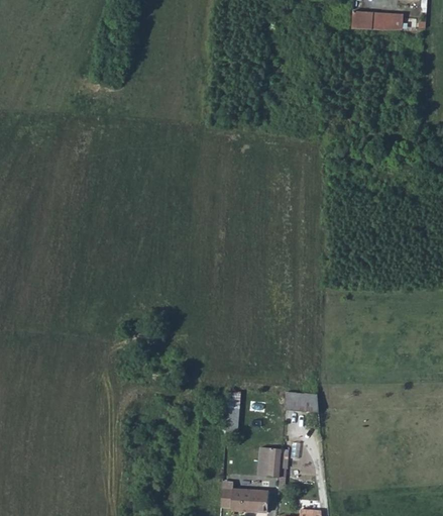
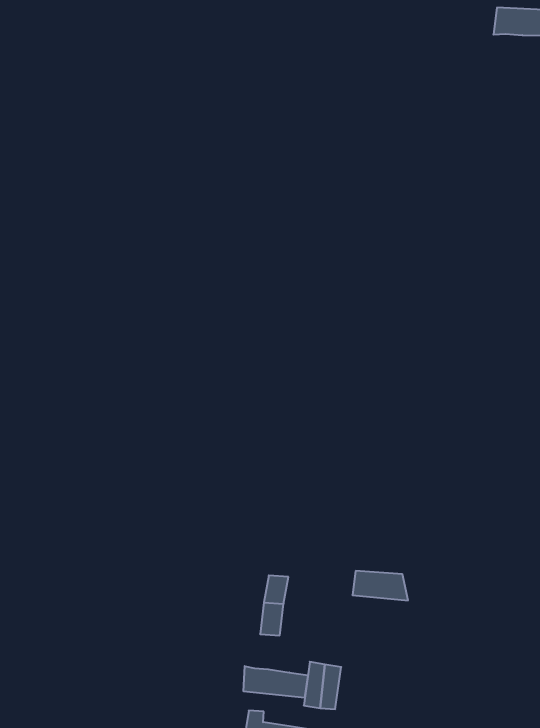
building: none -> [244,666,308,698]

